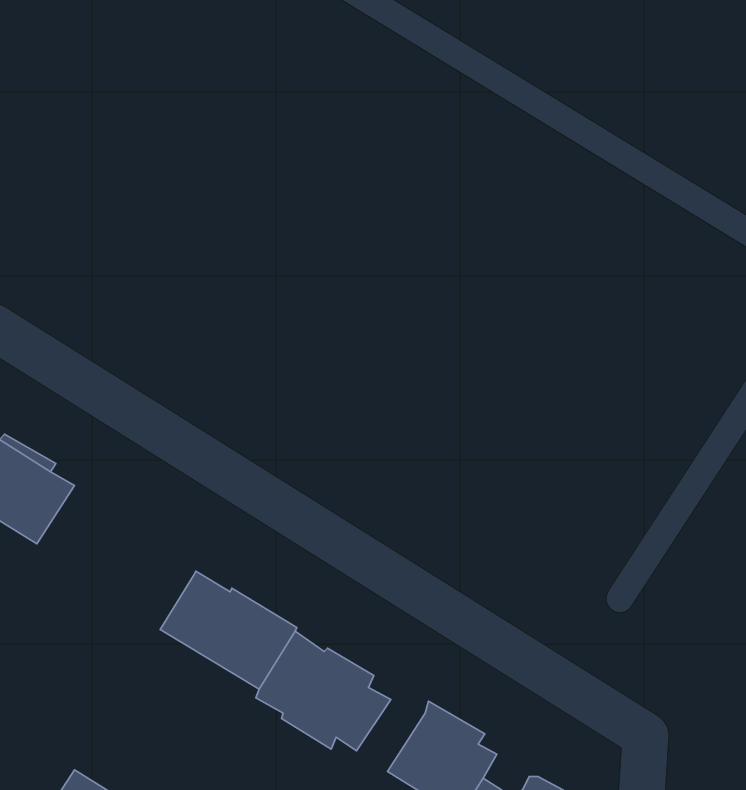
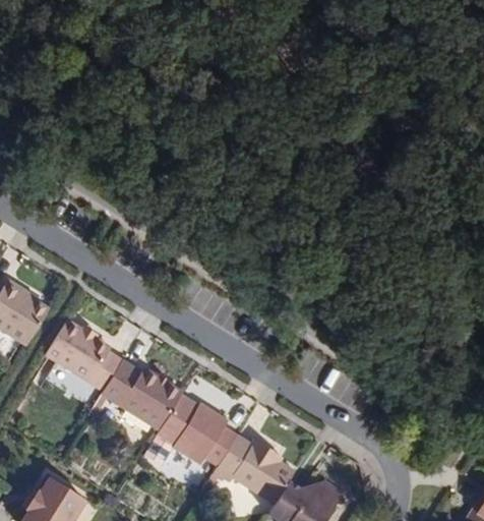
building: none -> [44,324,120,392]
building: none -> [217,432,257,482]

